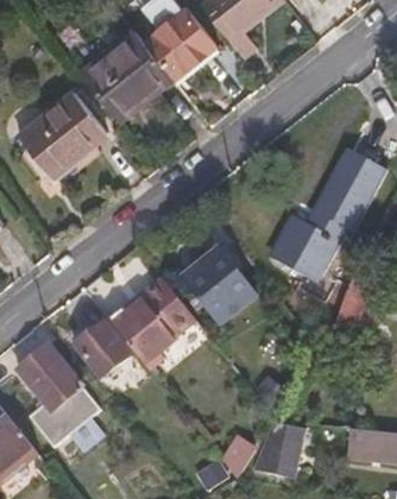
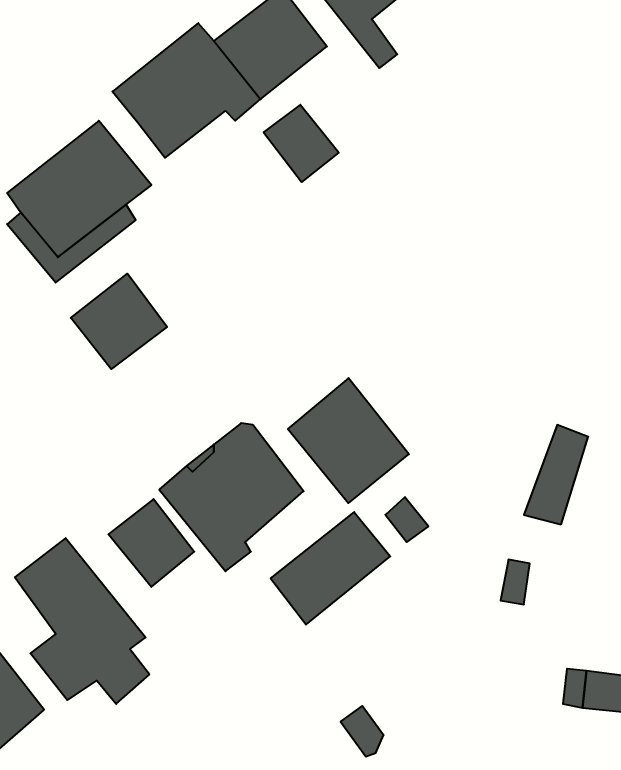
building: none -> [264,105,339,182]
building: [276,149,385,280] -> none
building: none -> [71,274,167,369]
building: none -> [271,512,390,625]
building: [263,423,311,478] -> none

